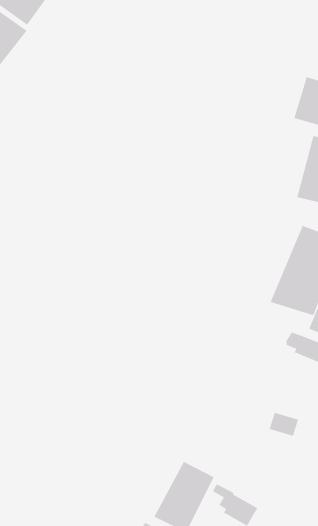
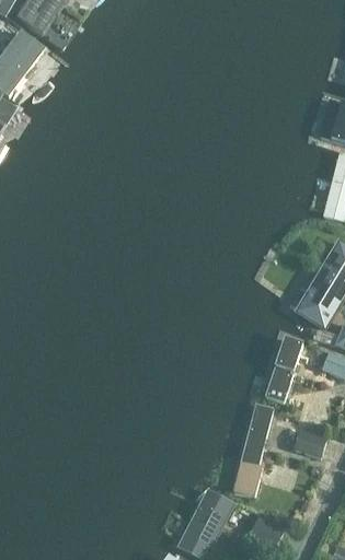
building: none -> [261,329,308,400]
building: none -> [229,399,279,494]

